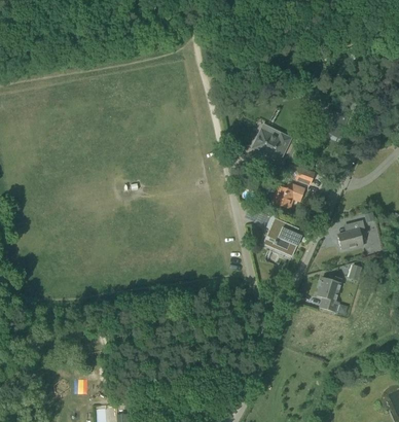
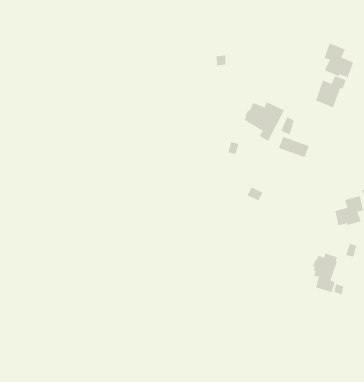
building: none -> [324,42,354,78]
building: [270,182,303,208] -> none
building: [265,217,299,255] -> none

